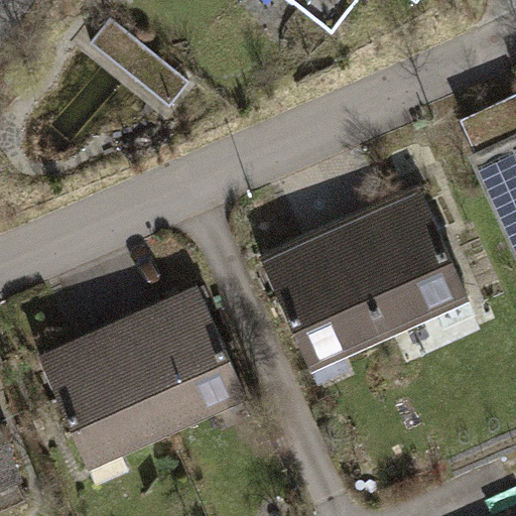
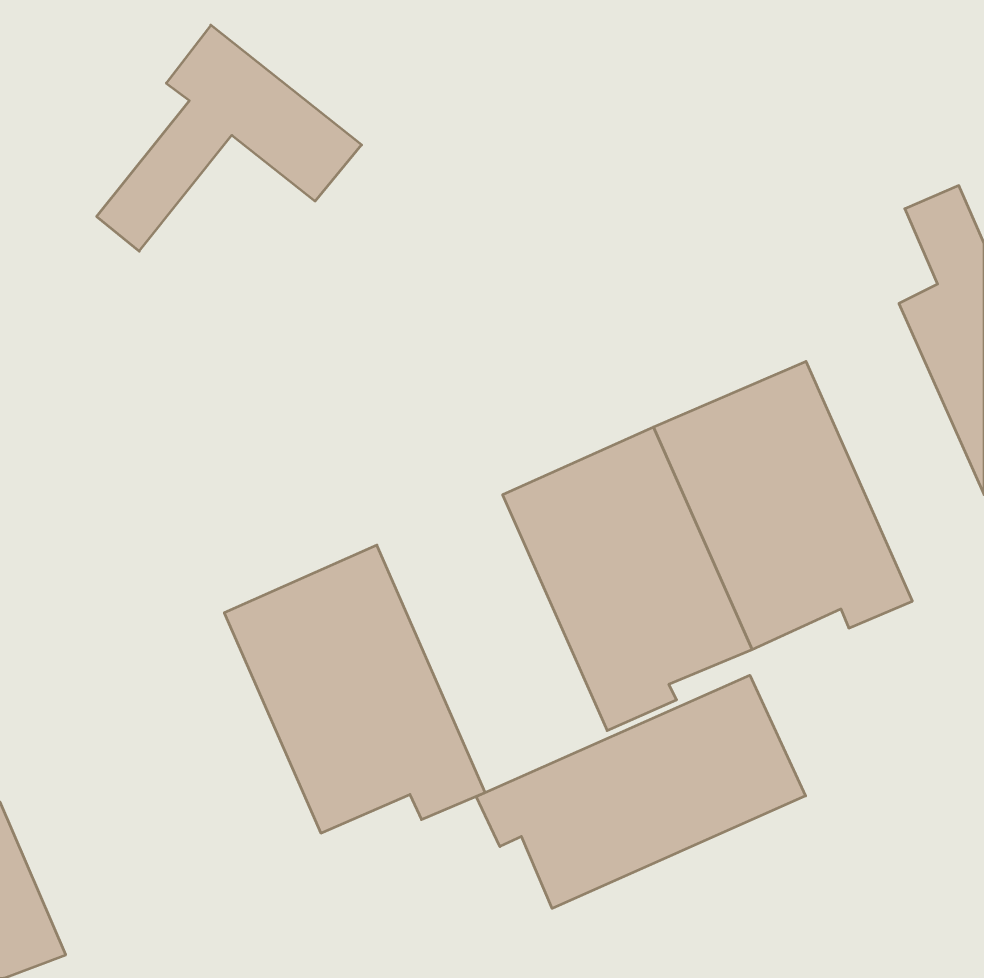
building: [37,319,167,481] -> none
building: none -> [476,675,806,908]

